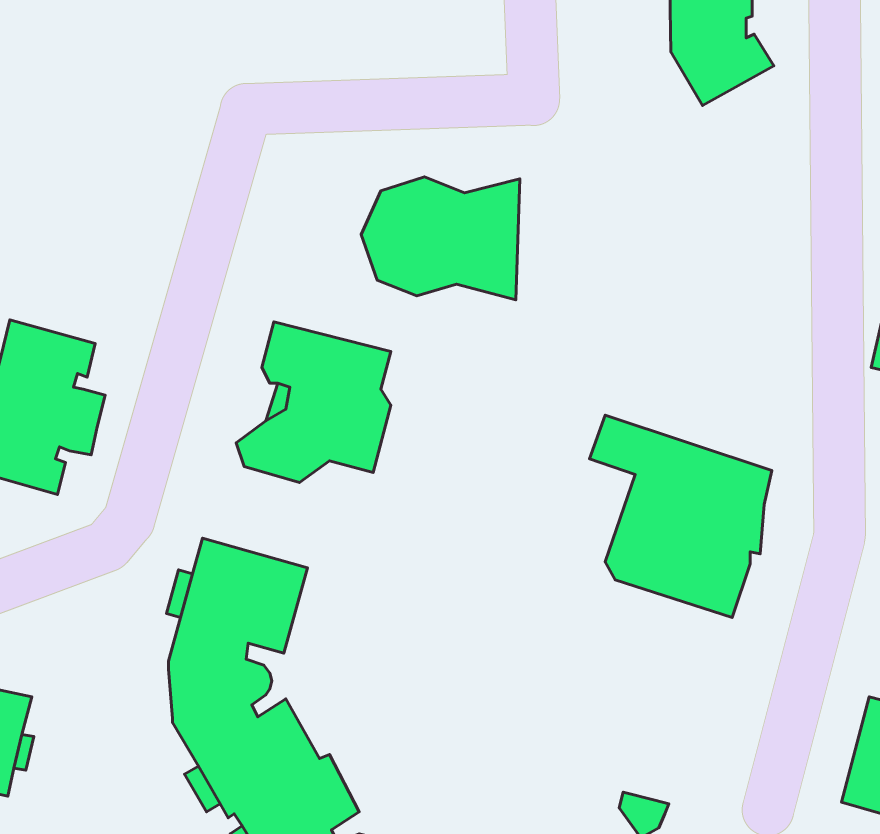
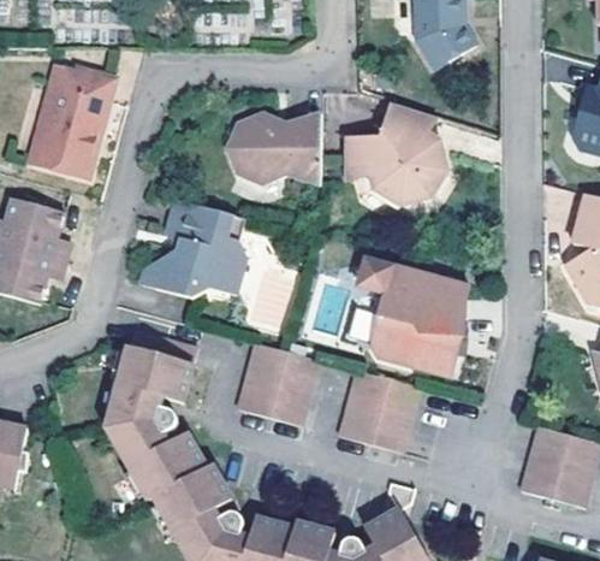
building: none -> [29,65,115,173]
building: none -> [345,101,452,202]
building: none -> [234,341,317,425]
building: none -> [337,368,418,455]

